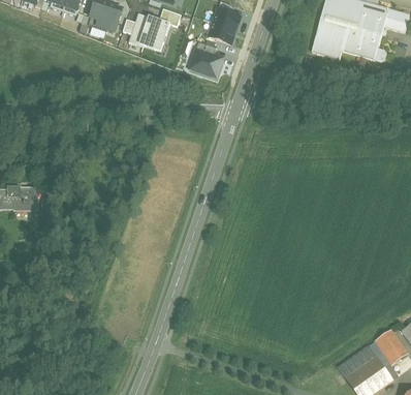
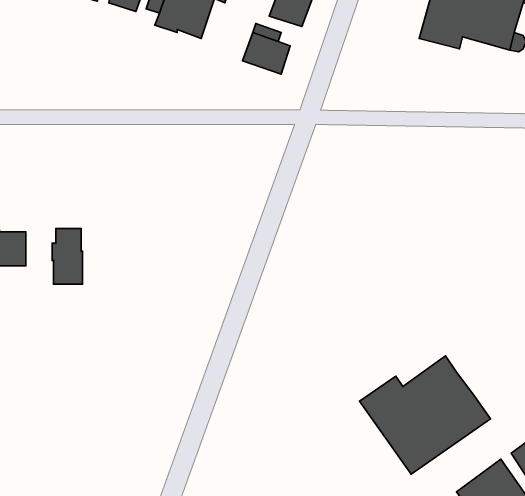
building: none -> [52,229,82,284]
building: none -> [360,356,490,474]

